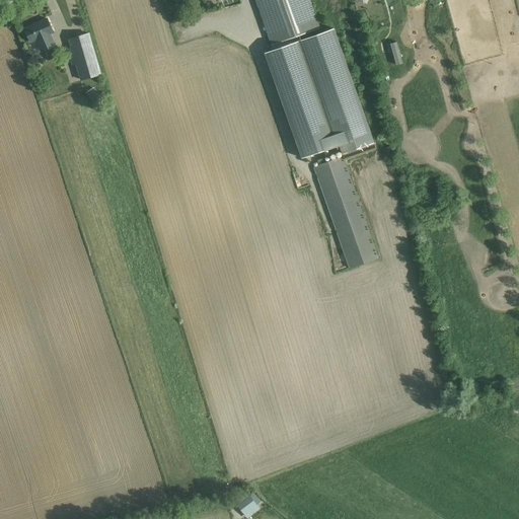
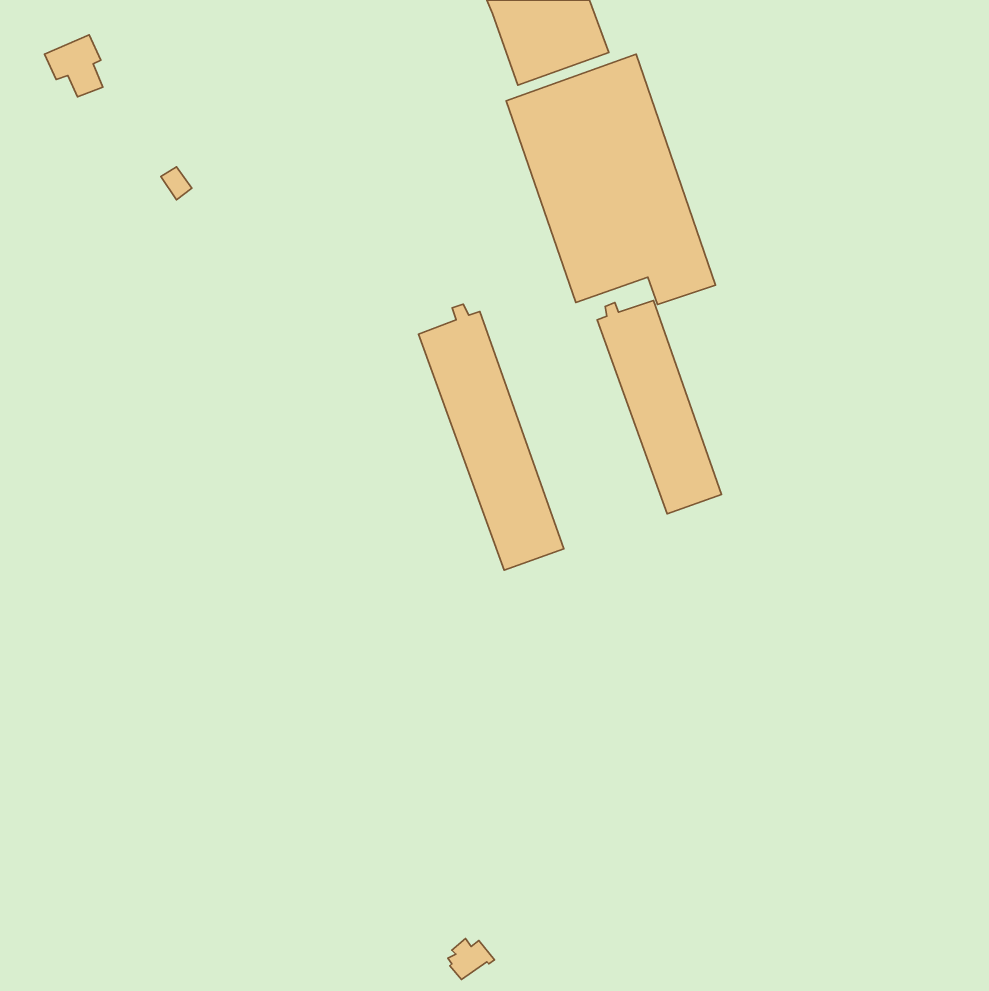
building: [68,32,100,79] -> none
building: none -> [419,304,564,570]

